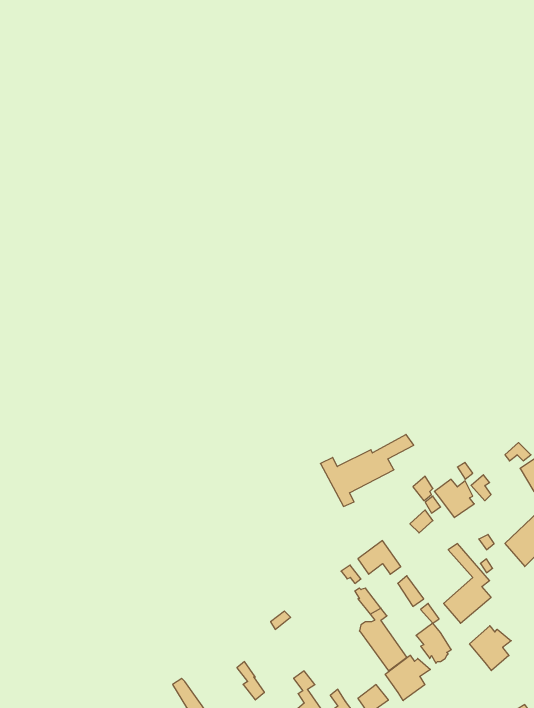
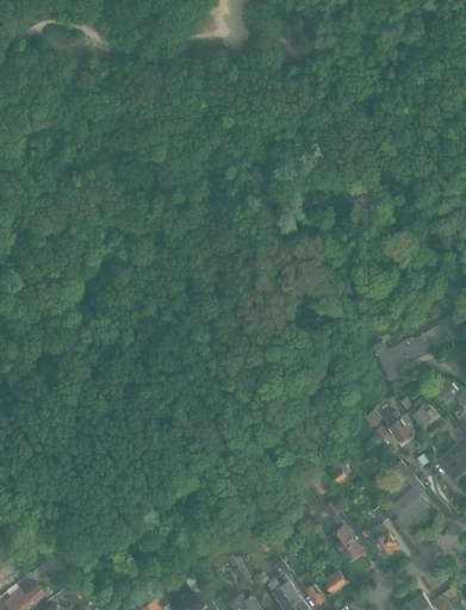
building: [320,434,414,506] -> [374,325,447,381]
building: [470,626,511,671] -> none
building: [385,655,430,701] -> none

